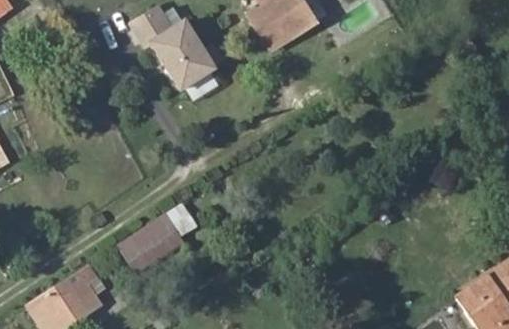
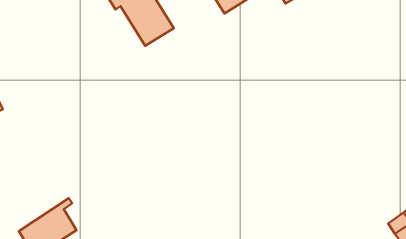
building: [119,216,181,272] -> none

